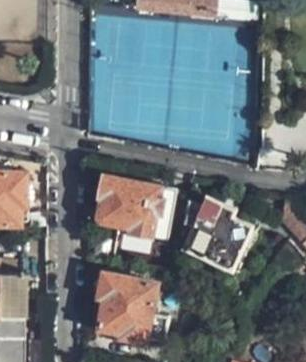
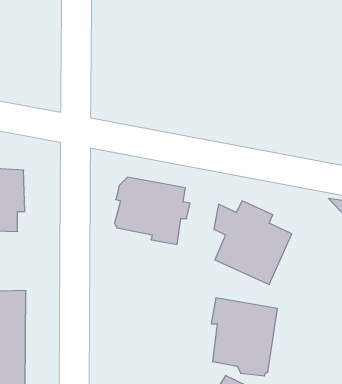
building: [100,276,156,342] -> [211,298,277,376]

